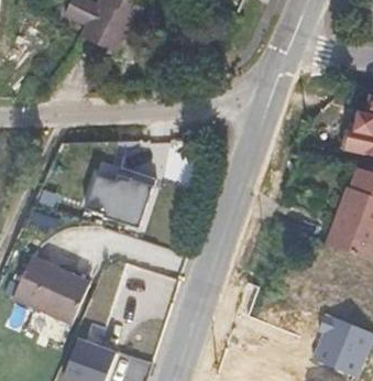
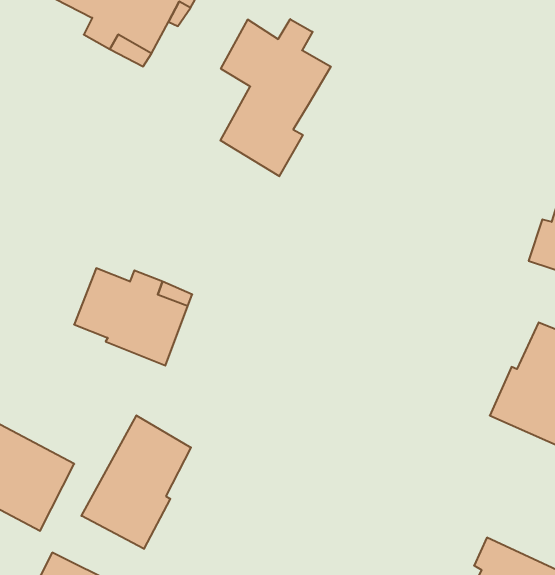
building: none -> [220,19,331,176]
building: none -> [81,415,191,549]

